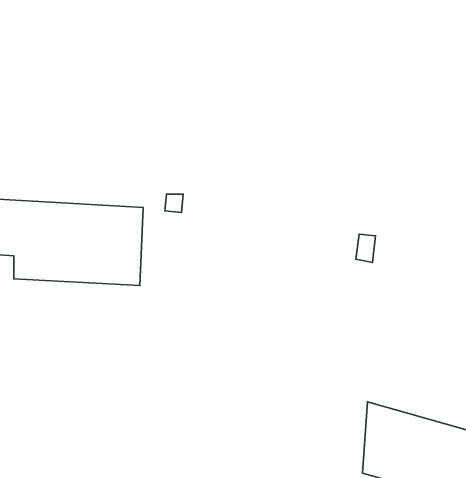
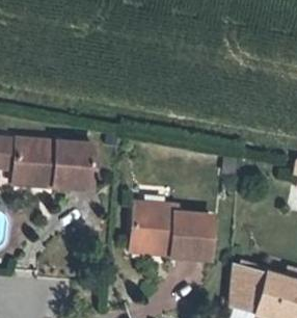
building: none -> [129,202,212,261]

